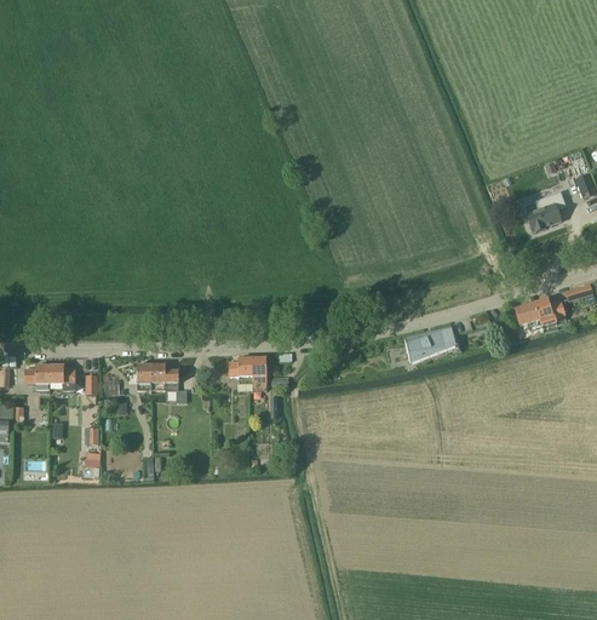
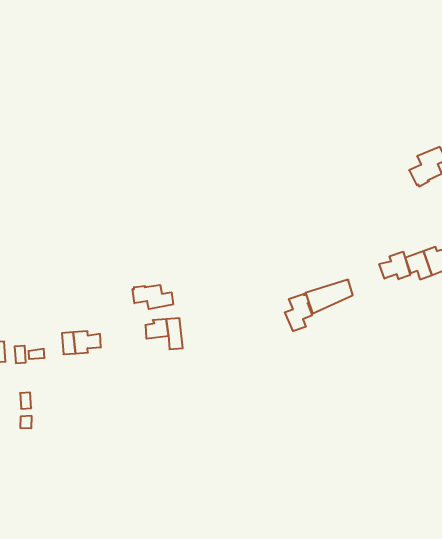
building: none -> [379,252,410,279]
building: none -> [133,285,173,309]
building: none -> [285,294,312,331]

